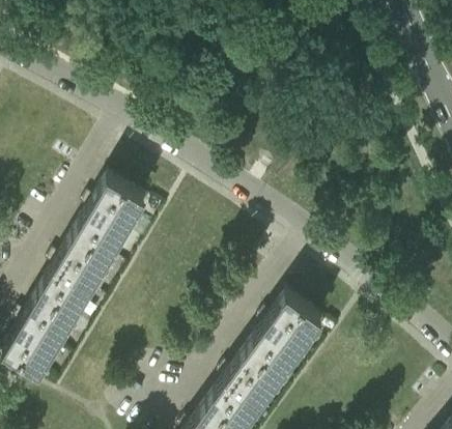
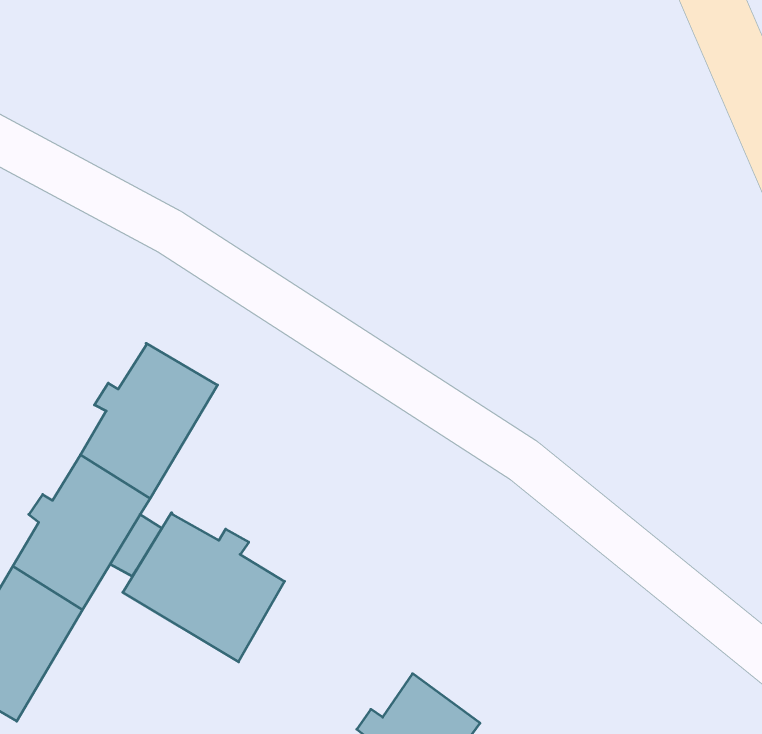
building: none -> [123,513,285,662]
building: [248,298,323,379] -> none

